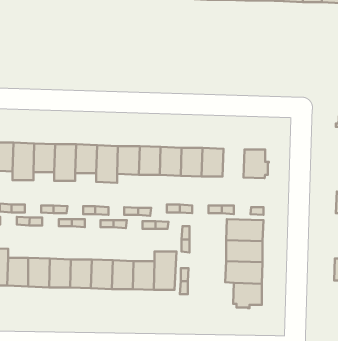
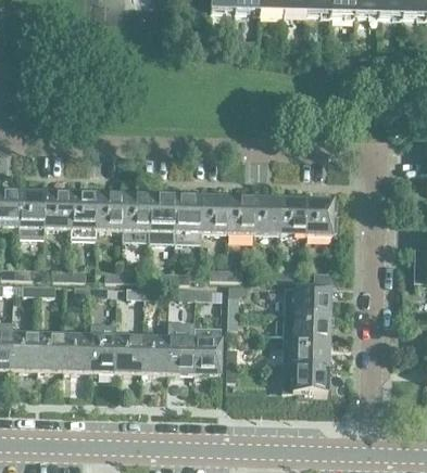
building: none -> [280,197,307,233]

